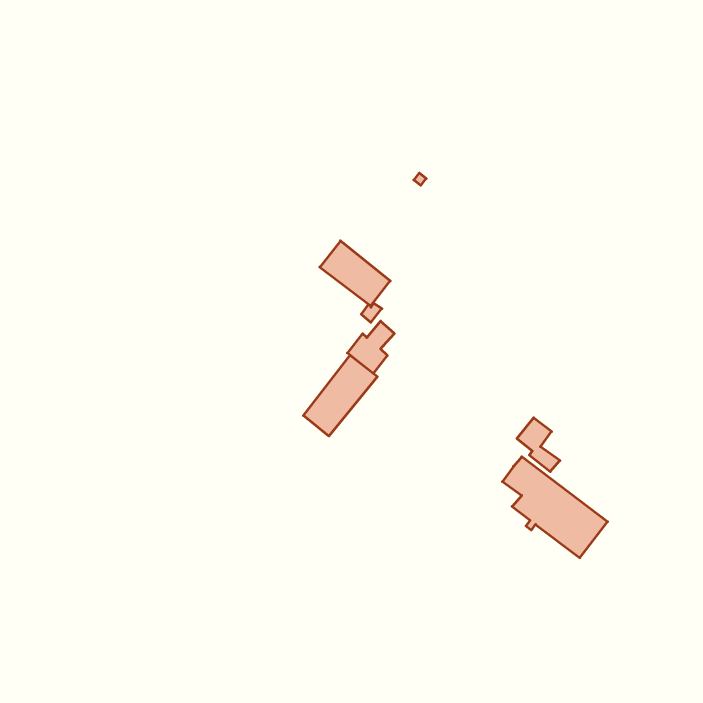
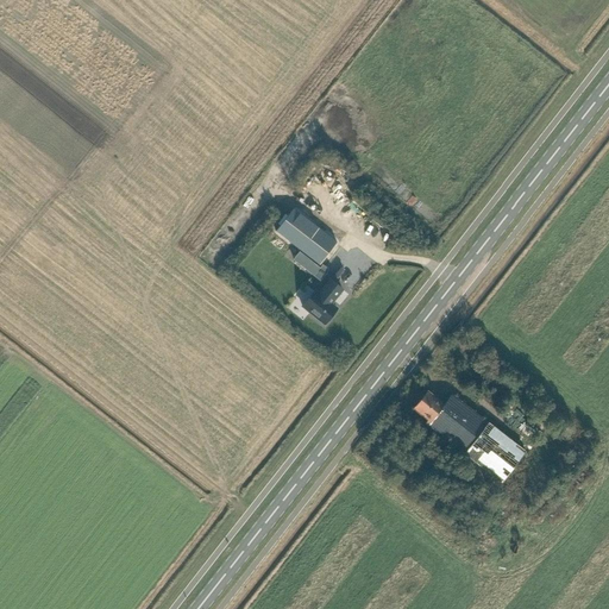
building: [303,355,377,436] -> none
building: [517,418,560,472] -> [412,389,448,435]

